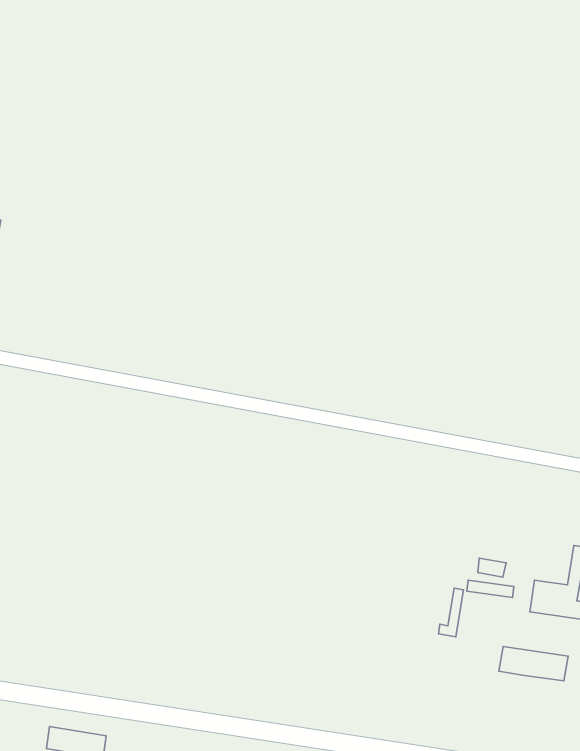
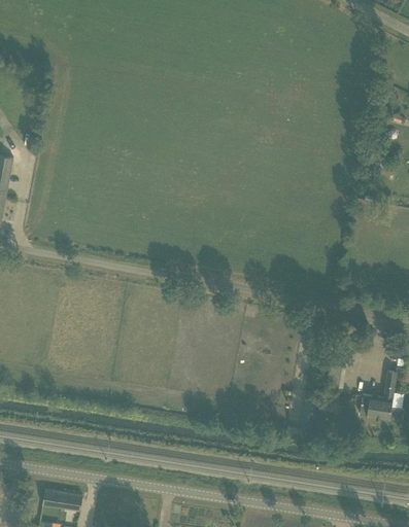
building: [499,647,568,681] -> none

